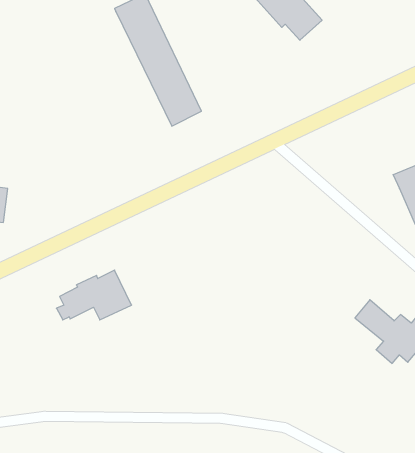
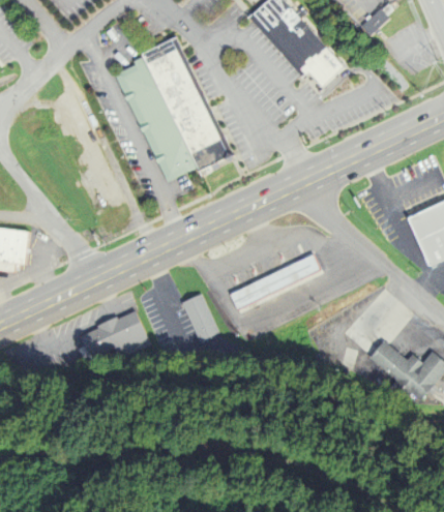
building: none -> [113,57,194,182]
building: none -> [233,252,324,309]
building: none -> [184,293,223,340]

